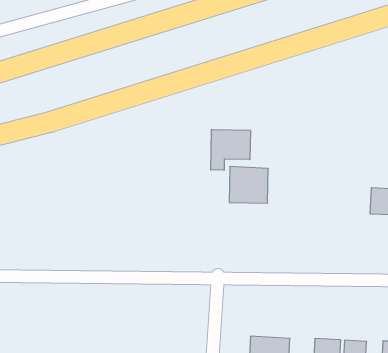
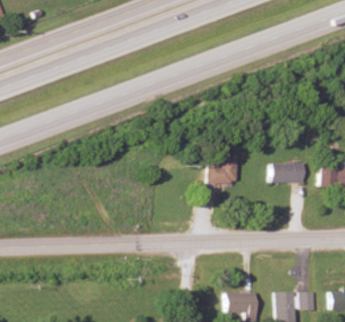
building: [211,129,250,170] -> none
building: none -> [268,163,306,182]

